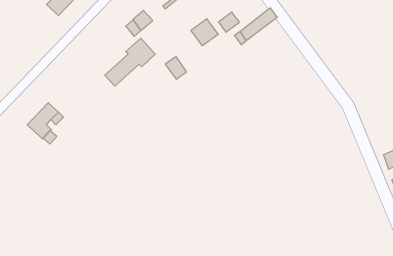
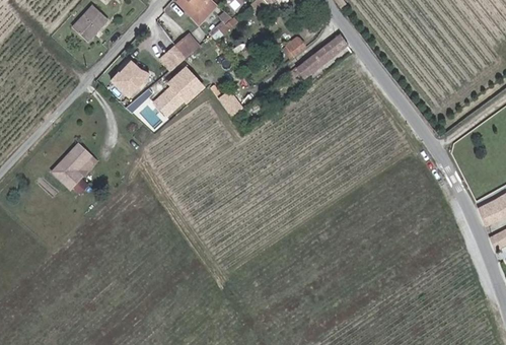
building: [191,19,218,46] -> none
building: none -> [105,61,145,94]

